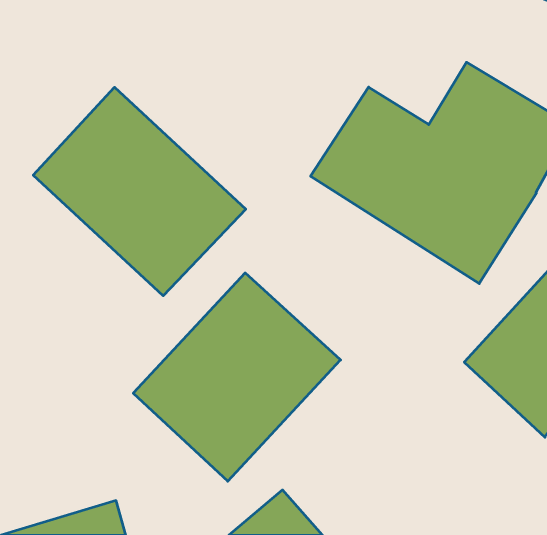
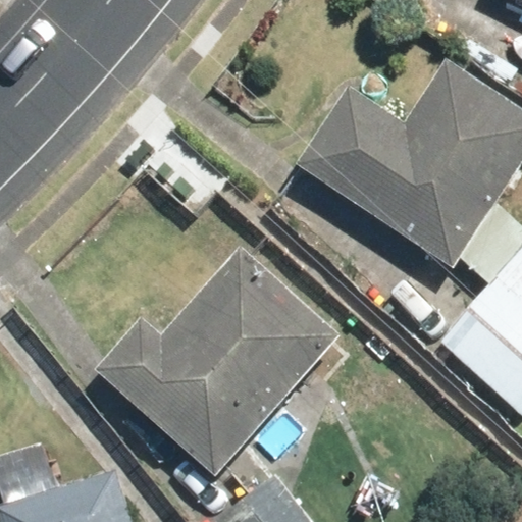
building: [33,87,246,296] -> none

